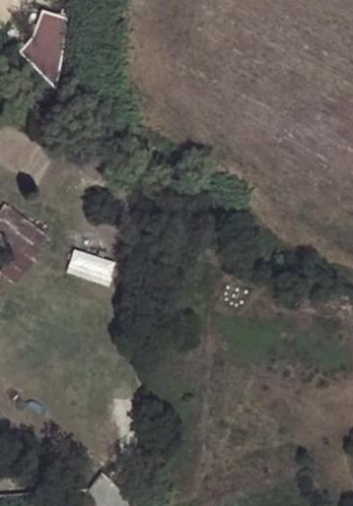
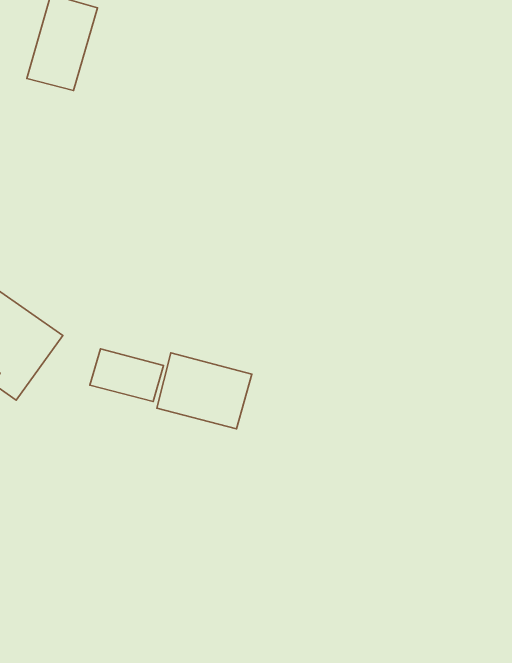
building: none -> [157,353,252,429]

